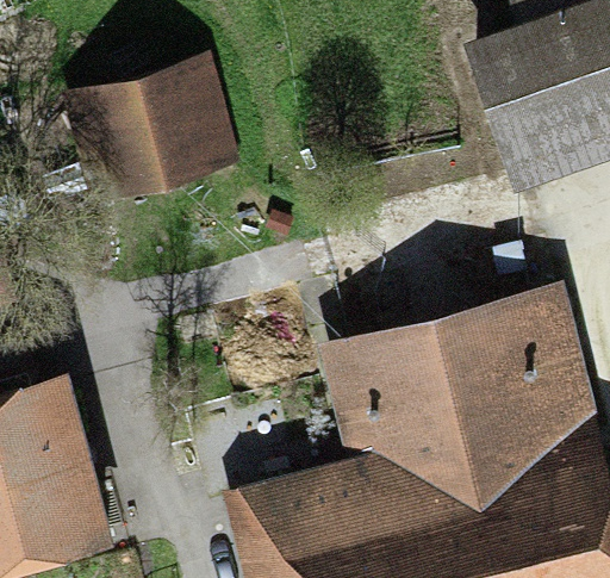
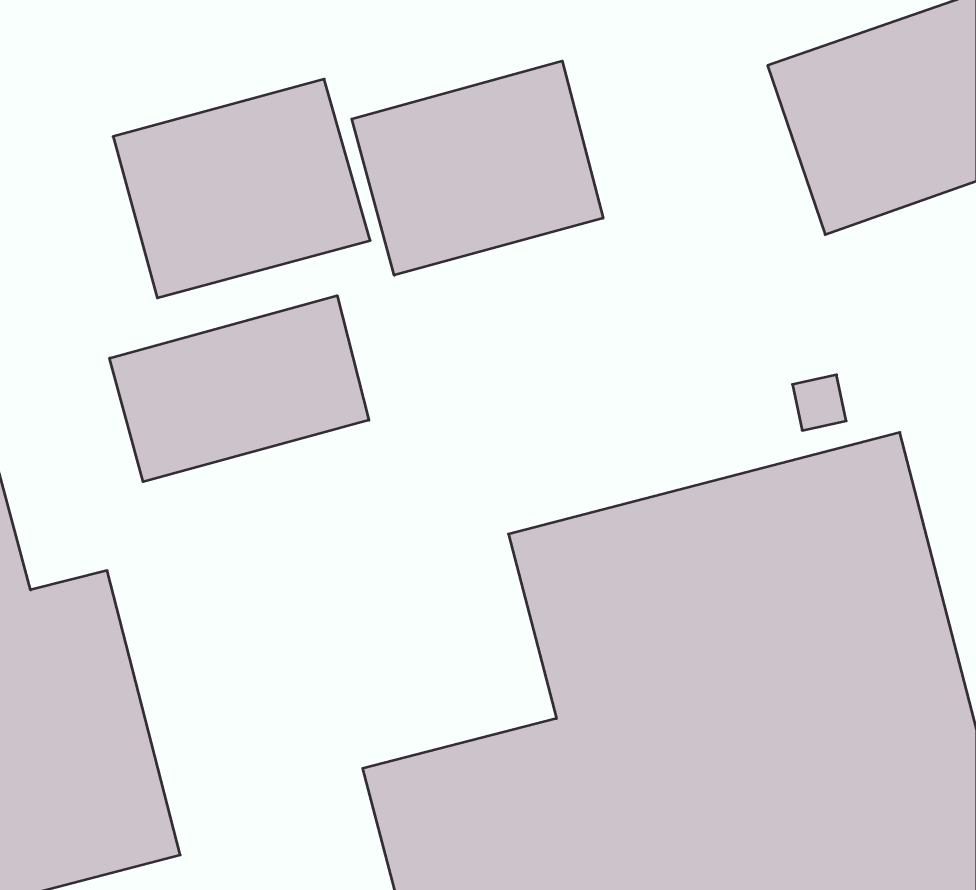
building: none -> [352,61,603,275]
building: none -> [110,296,369,482]

